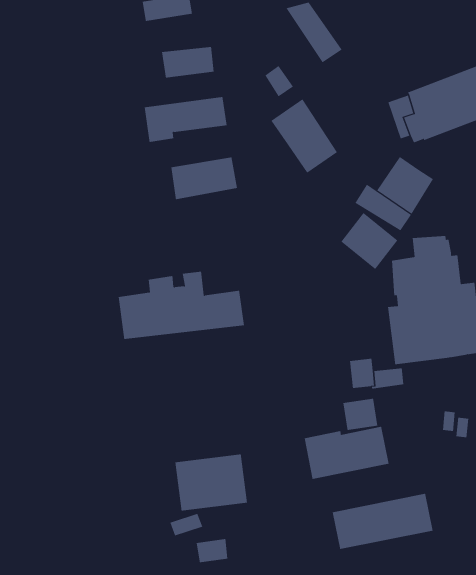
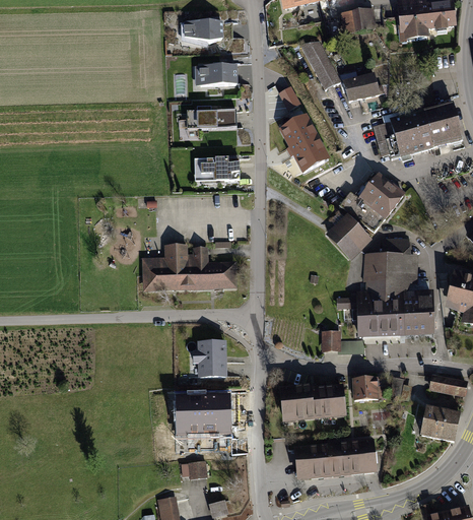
building: none -> [343,73,381,105]
building: none -> [191,342,223,370]
building: [343,398,378,430] -> [352,375,379,398]

